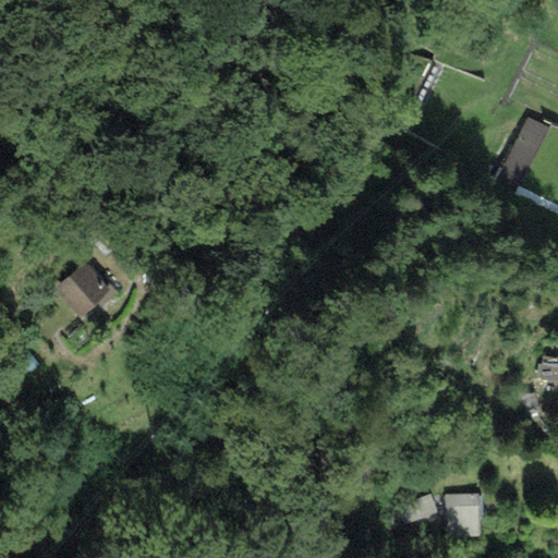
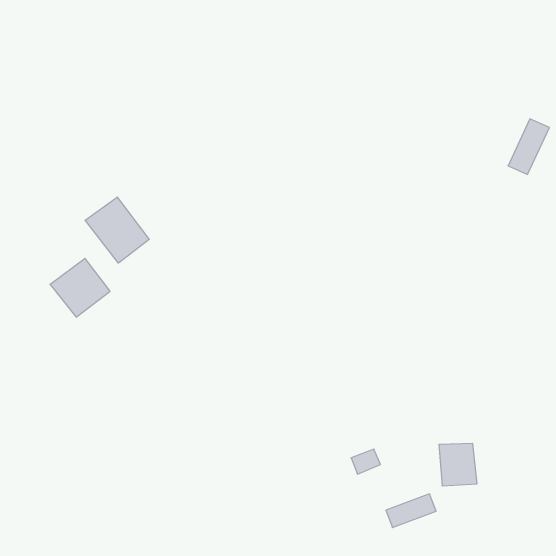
building: none -> [85,197,149,263]
building: [444,494,482,536] -> [439,443,477,486]

